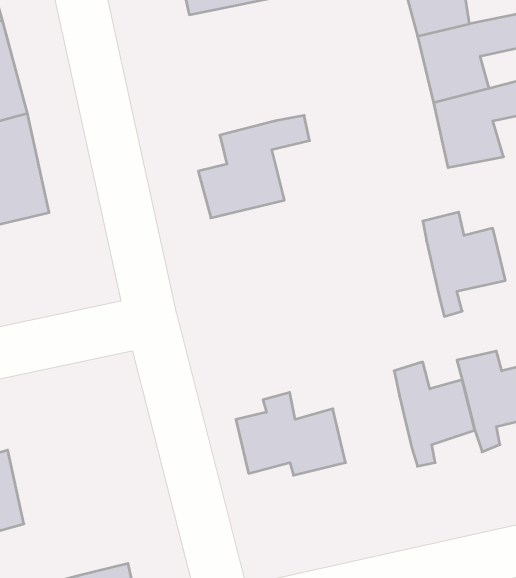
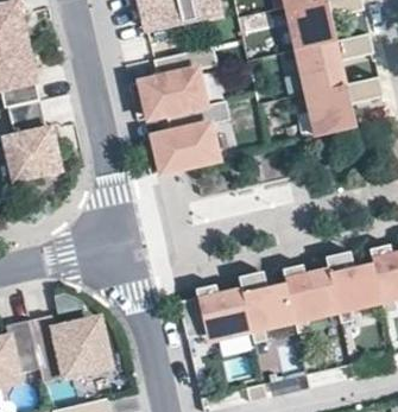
building: none -> [138,46,215,118]
building: [423,212,505,316] -> [239,275,293,344]
building: none -> [26,316,108,385]

